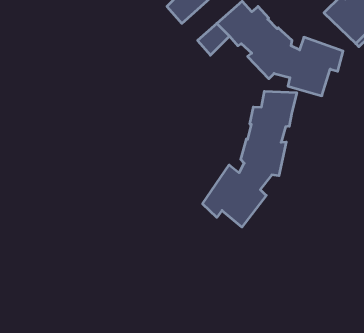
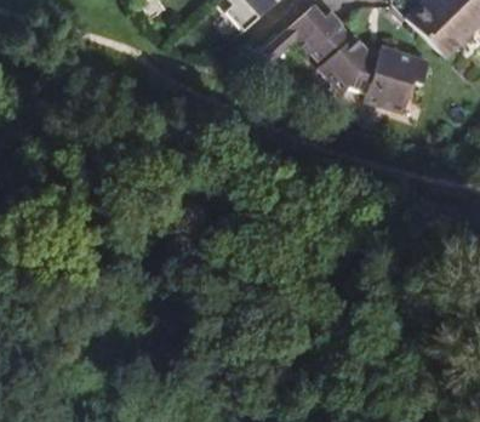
building: [203,91,297,227] -> none

